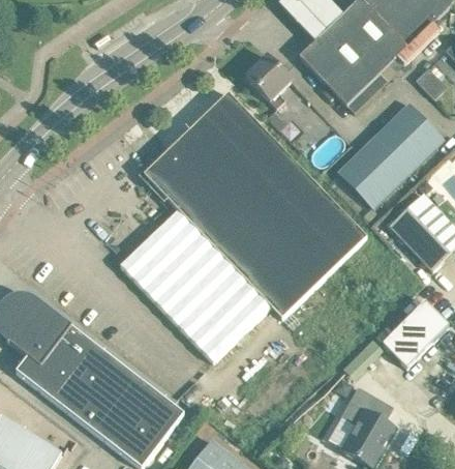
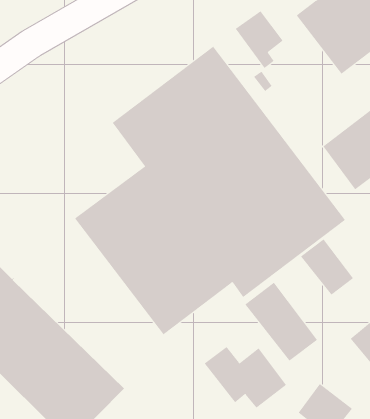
building: none -> [300,238,354,295]
building: none -> [244,282,318,361]
building: none -> [204,346,287,409]

